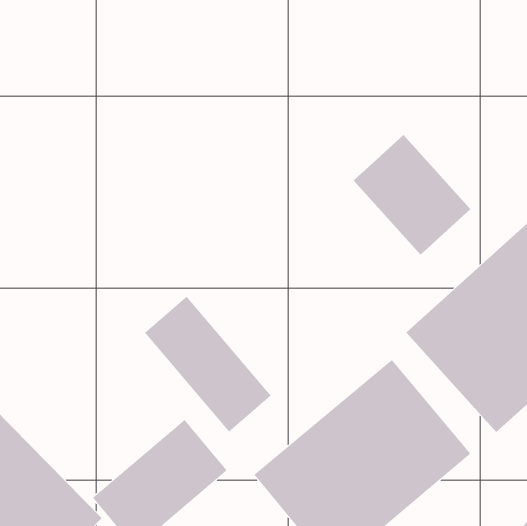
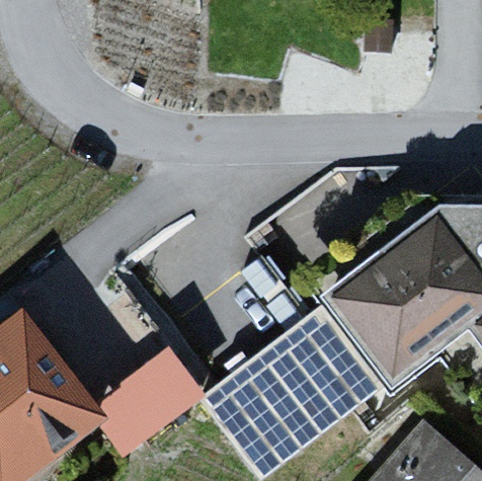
building: [353,134,471,256] -> none
building: [144,296,272,433] -> none

